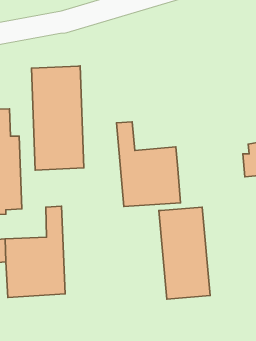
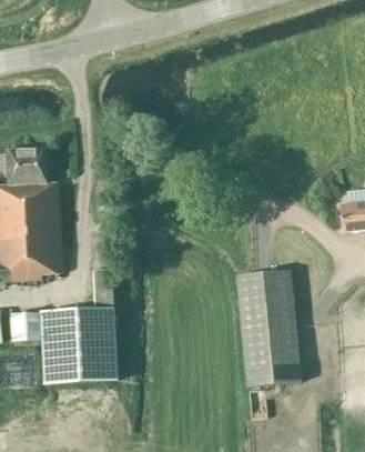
building: [31,66,84,170] -> none
building: [116,122,181,207] -> none

